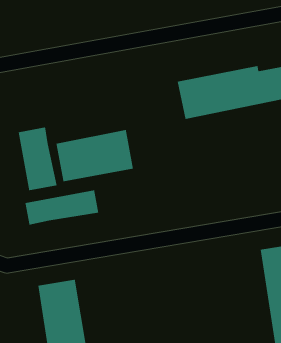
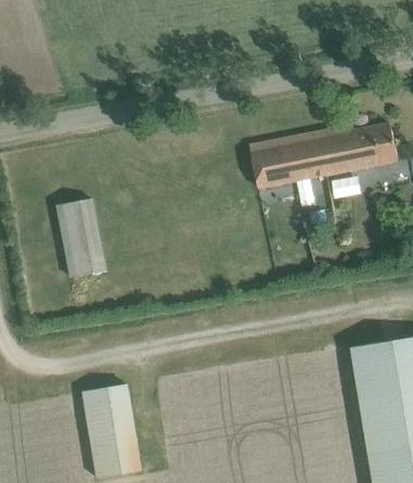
building: [56,129,134,182] -> none
building: [25,189,99,226] -> none

